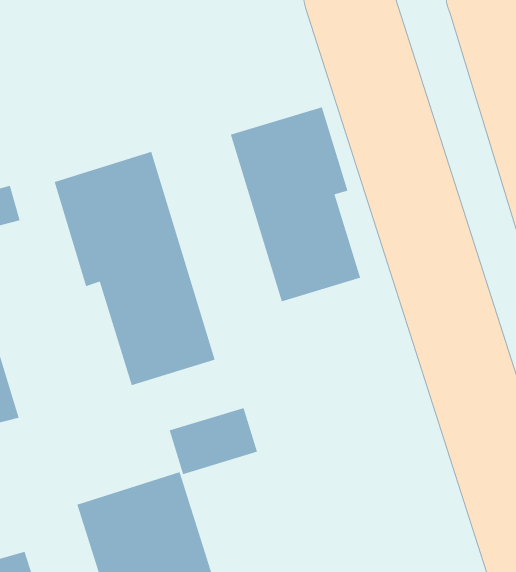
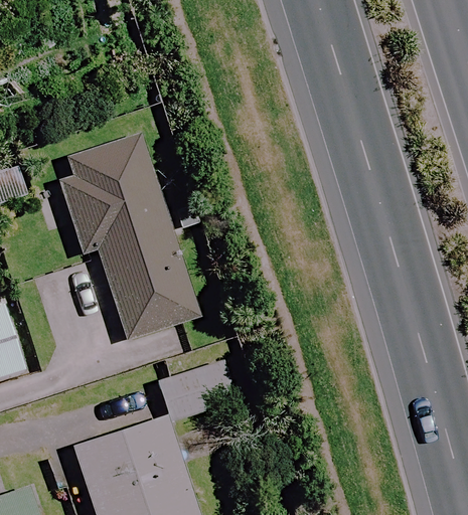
building: [230,107,361,302] -> none

